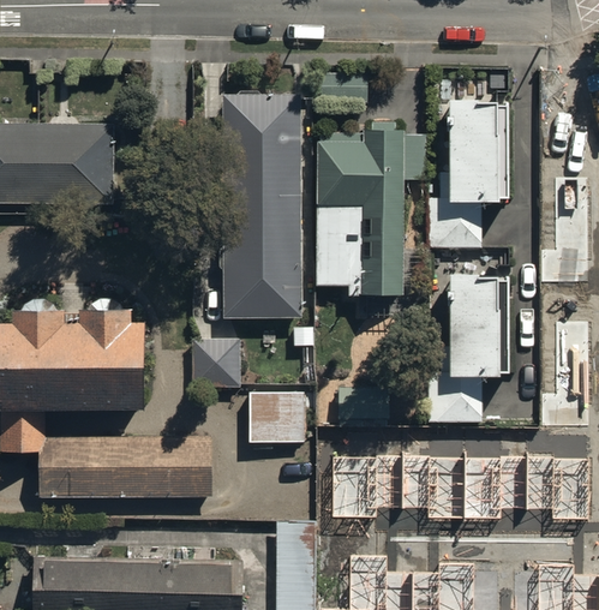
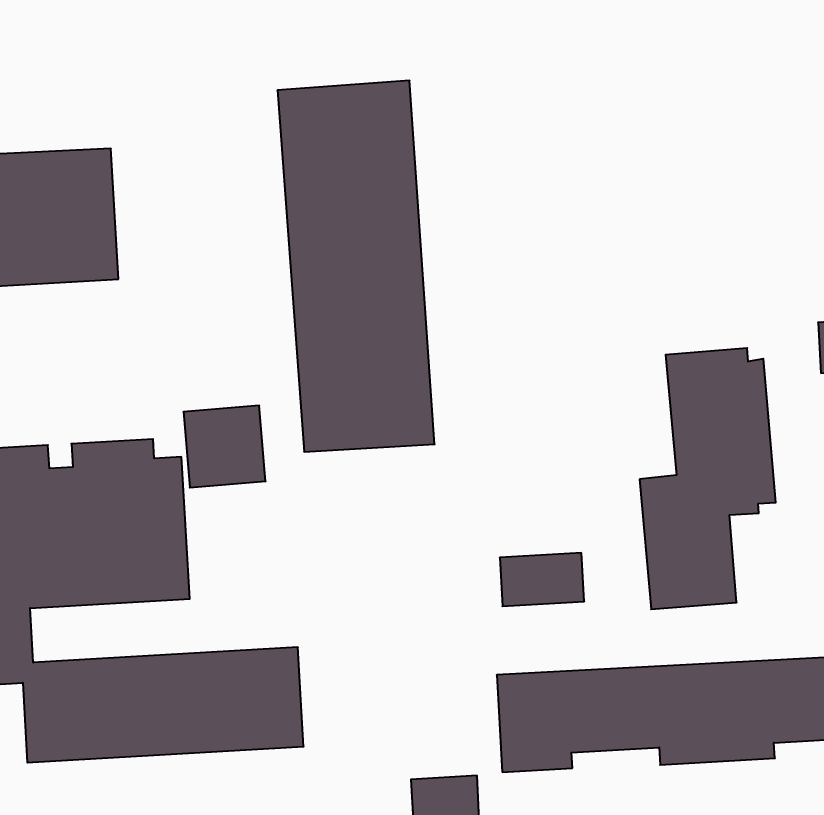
building: [427,98,509,250] -> none
building: [316,122,423,295] -> none
building: [192,342,240,390] -> [183,406,266,488]
building: [250,394,304,443] -> none

